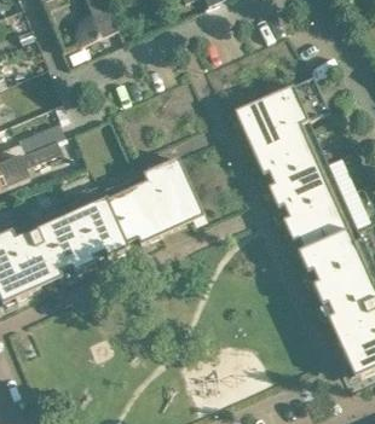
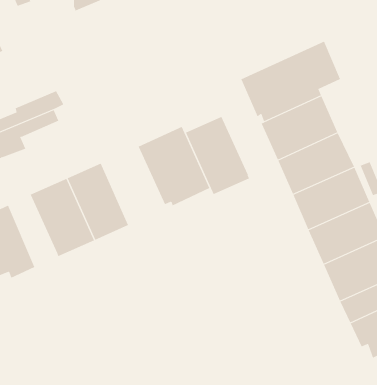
building: [100,175,162,250] -> [185,116,250,195]
building: [12,221,59,290] -> none

